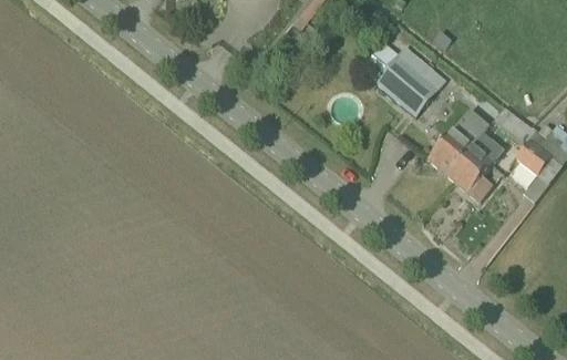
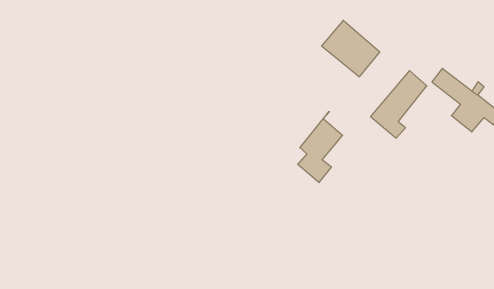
building: [456,124,505,200] -> [298,112,343,182]

